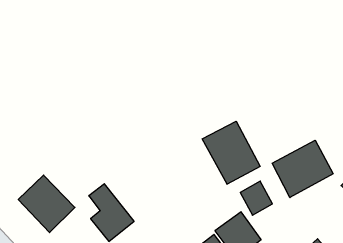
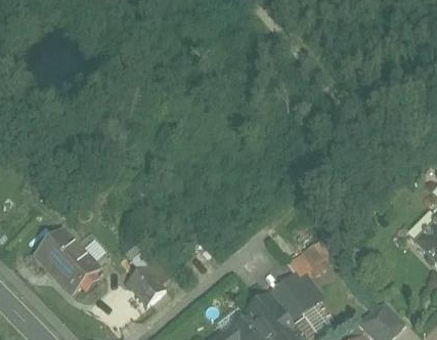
building: [202,121,260,184] -> none
building: [272,140,333,198] -> none

